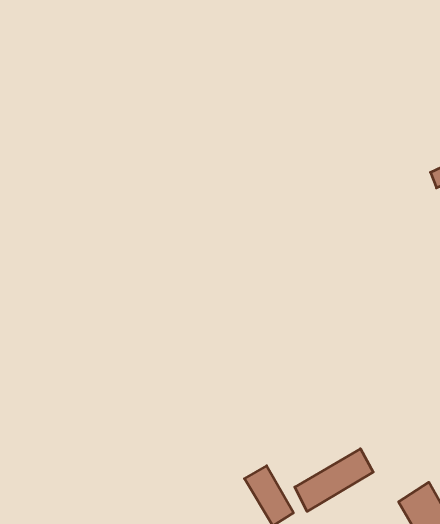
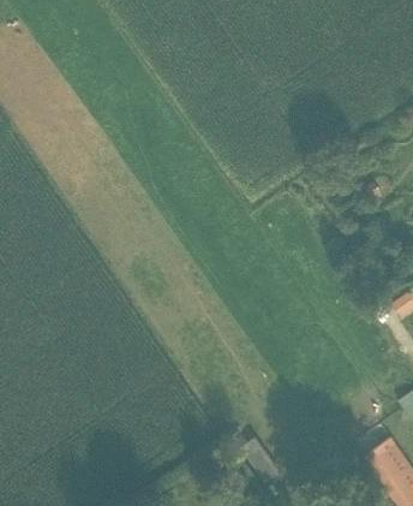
building: [295,449,373,511] -> none

